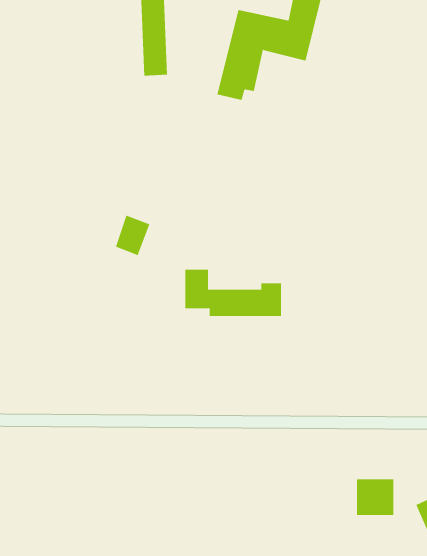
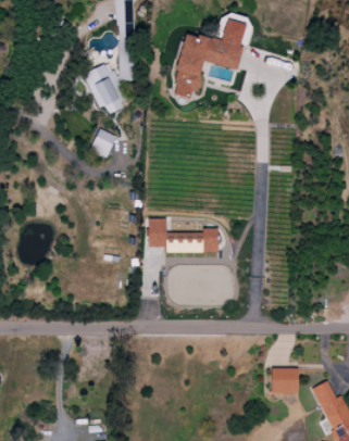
building: none -> [84,64,123,113]
building: [115,215,150,256] -> [90,128,115,158]

